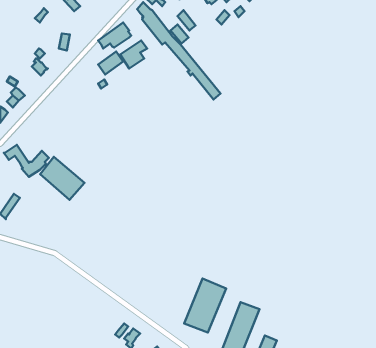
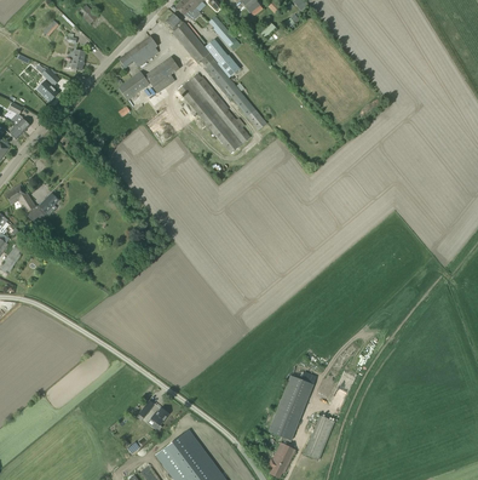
building: none -> [178,74,250,153]
building: [40,157,84,200] -> none
building: [184,278,226,332] -> none

